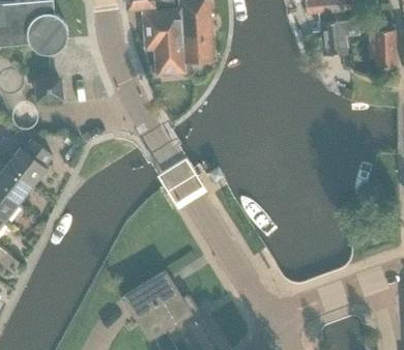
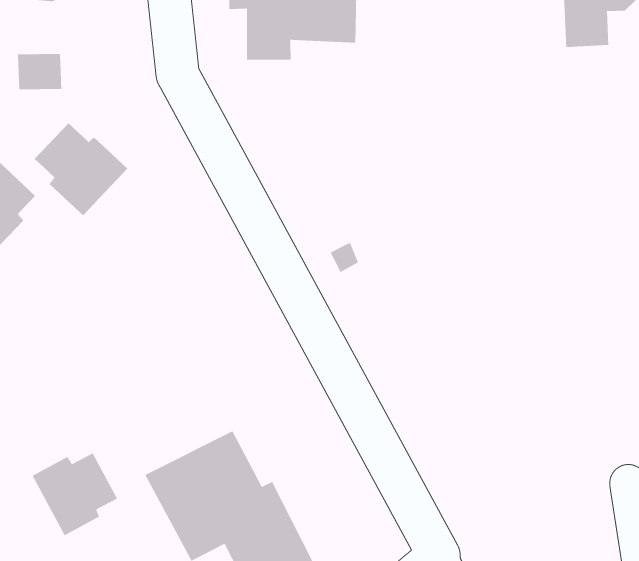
building: none -> [34,122,128,216]
building: none -> [32,452,118,536]

